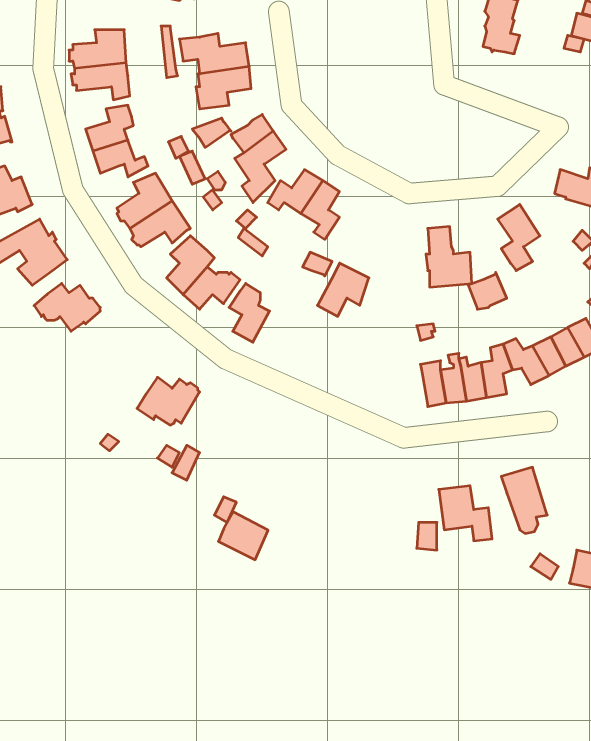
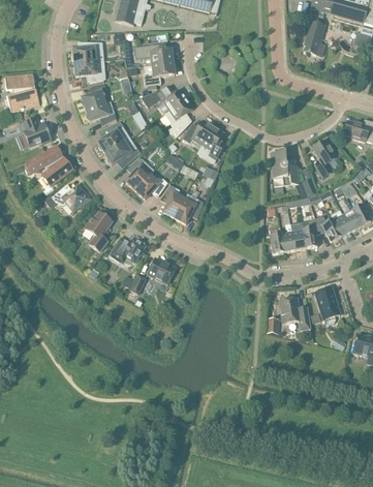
building: [317,263,369,316] -> [175,193,204,223]
building: none -> [85,212,112,251]
building: [218,512,268,560] -> [147,257,175,284]

